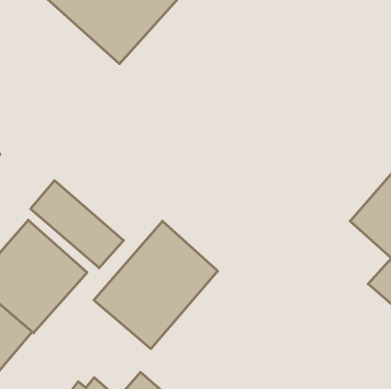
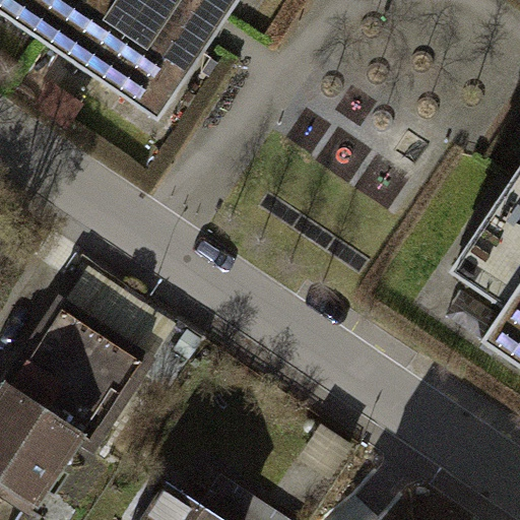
building: [94,221,218,349] -> none

